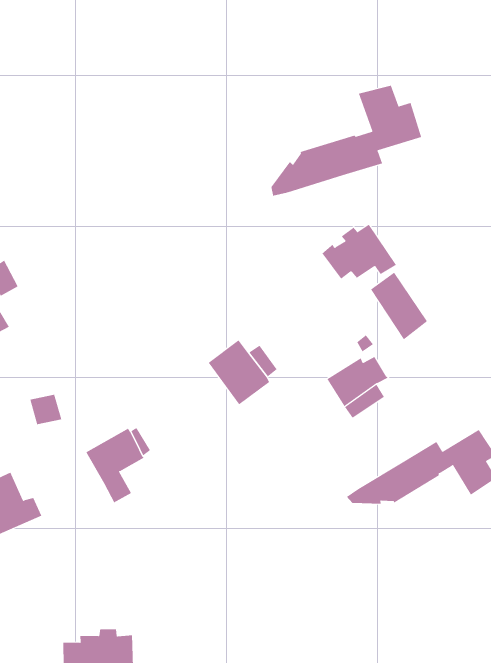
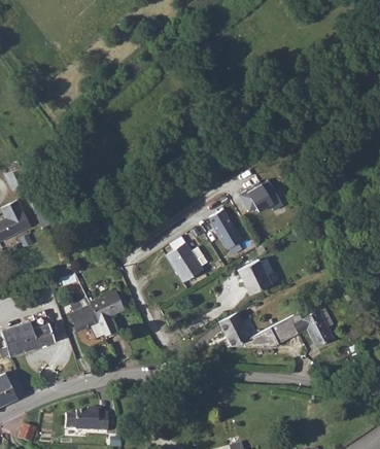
building: [271,85,422,197] -> none
building: [370,272,428,340] -> [210,209,243,250]
building: none -> [69,298,99,331]
building: none -> [219,311,250,346]

